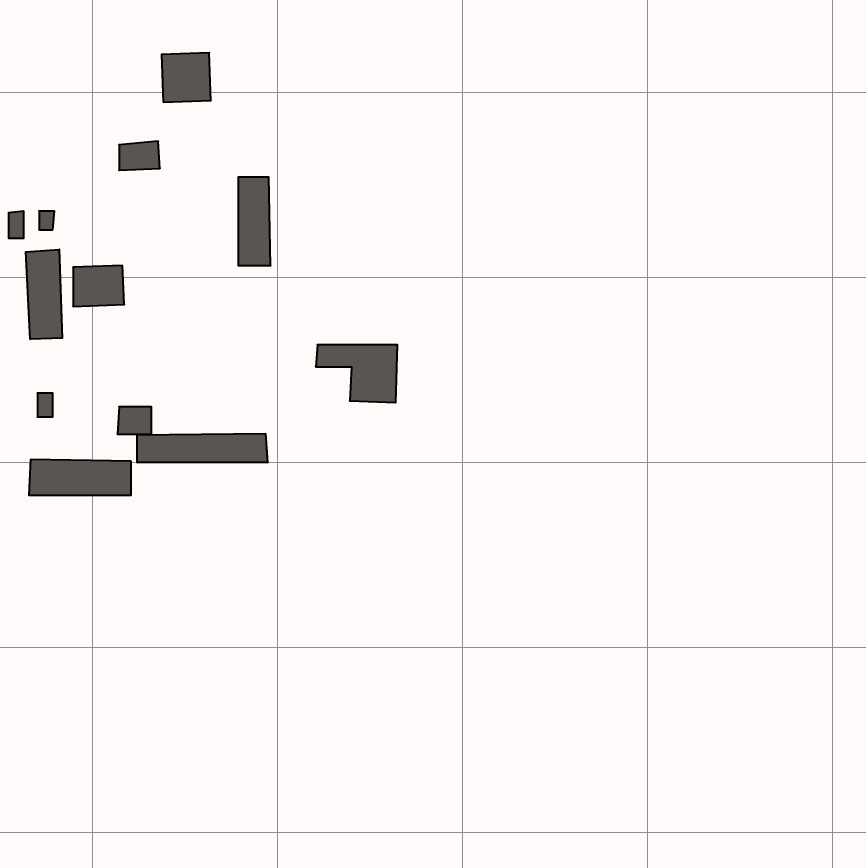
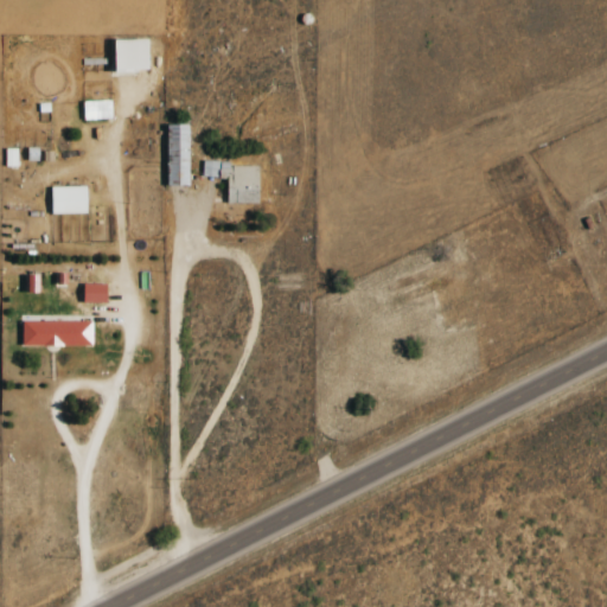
building: [26,249,62,339] -> none
building: [316,345,397,403] -> [204,162,261,203]
building: [137,434,268,463] -> none

